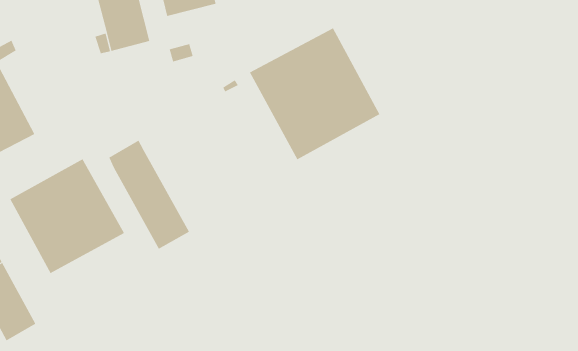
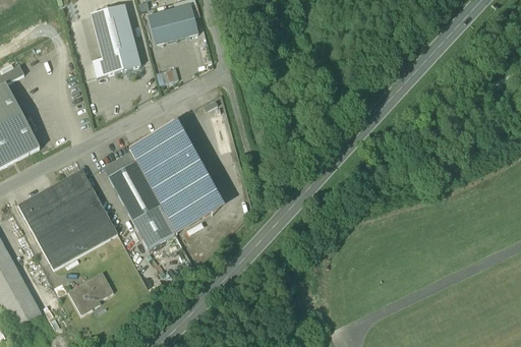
building: [249,27,380,160] -> none
building: none -> [129,121,225,233]
building: none -> [68,272,113,314]

